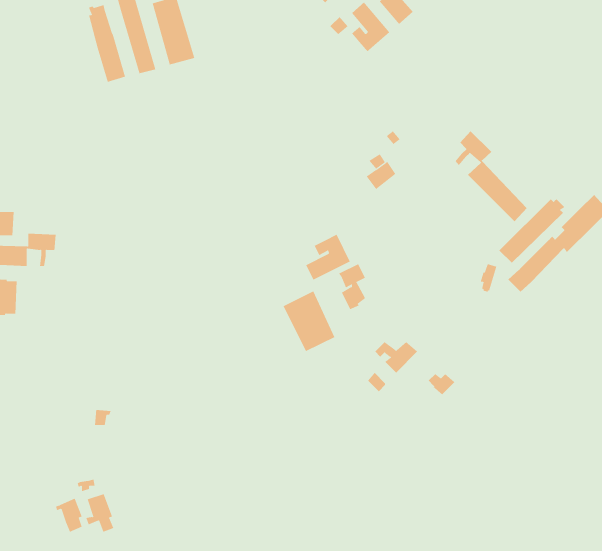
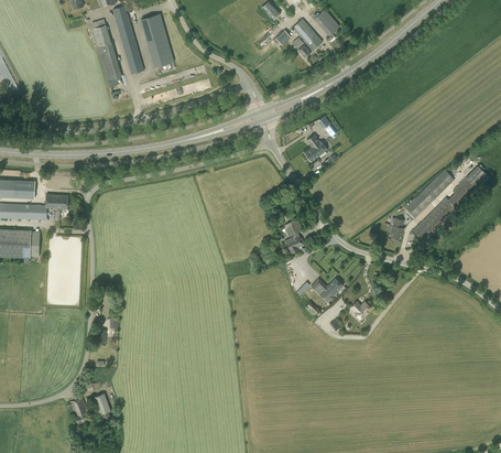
building: [455,130,528,222] -> none
building: [305,234,350,281] -> none
building: [283,291,335,352] -> none

